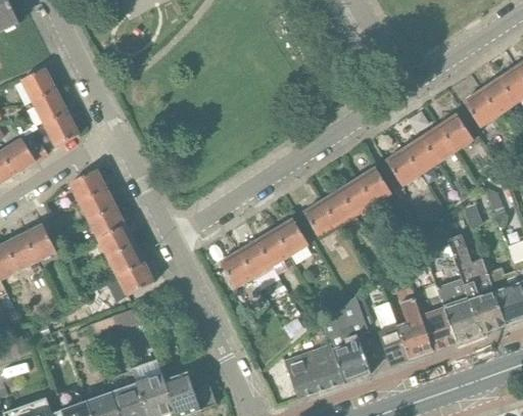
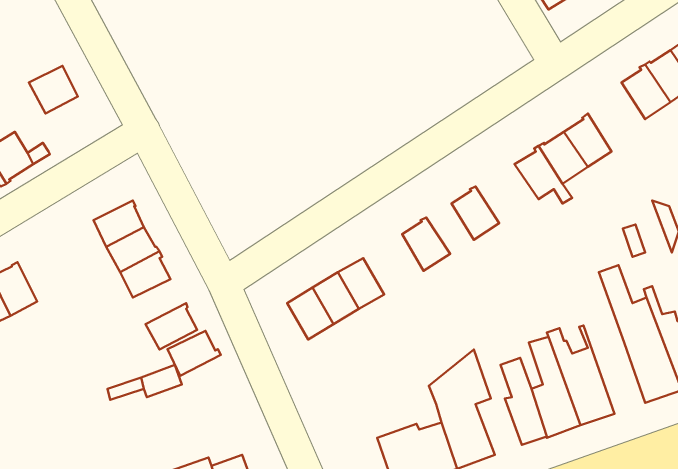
building: [20,67,56,101] -> none
building: [44,111,79,146] -> none
building: [438,113,473,151] -> none
building: [356,167,392,203] -> none
building: [69,169,107,201] -> none
building: [321,189,355,226] -> none
building: [275,218,310,256] -> none
building: [23,224,56,261] -> none
building: [107,244,146,277] -> [167,331,221,376]
building: [435,276,480,342] -> none

